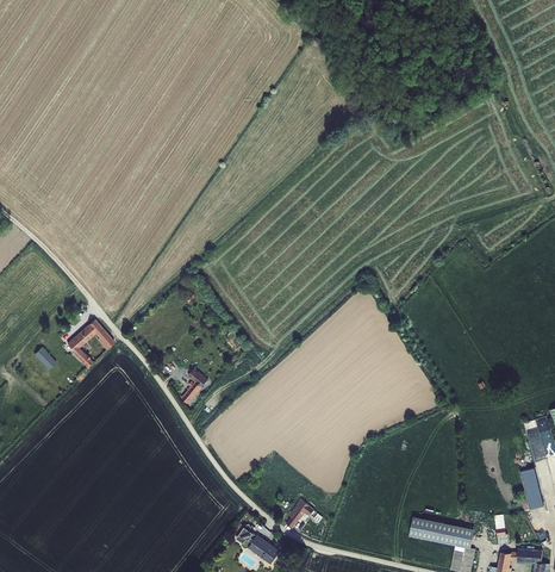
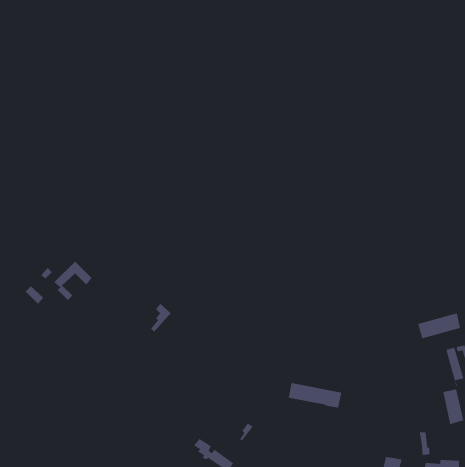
building: none -> [417,312,461,339]
building: [410,518,473,548] -> [288,382,342,408]

